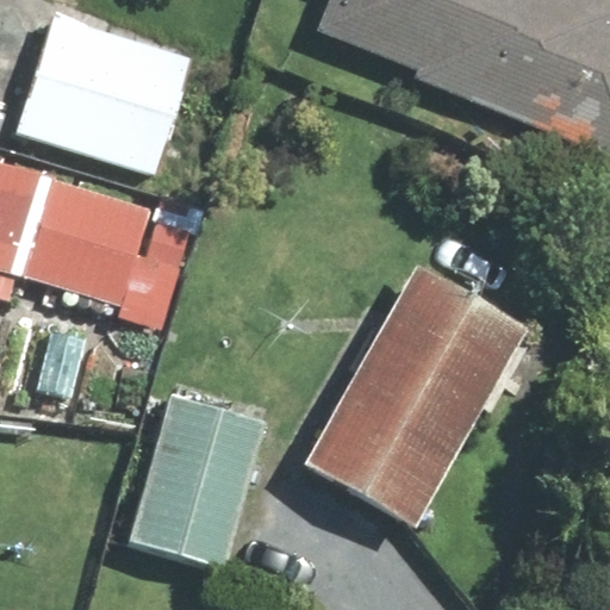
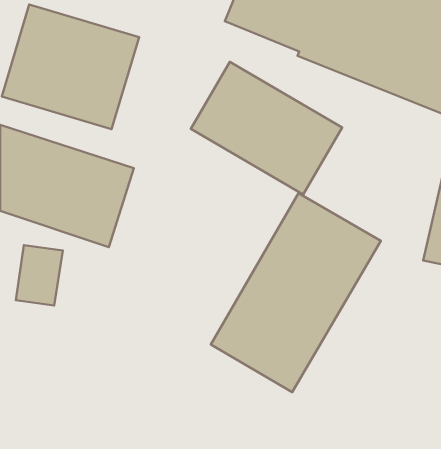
building: none -> [191,62,342,194]
building: [127,399,273,579] -> none

